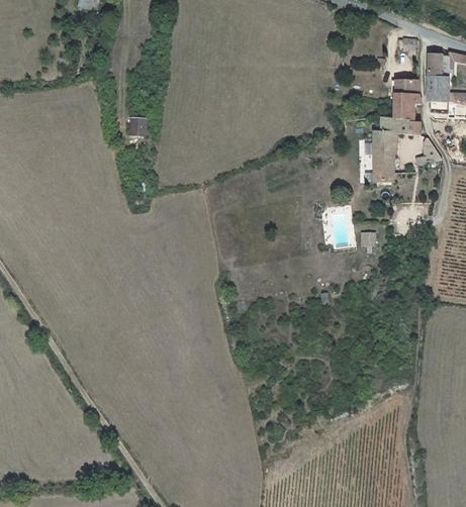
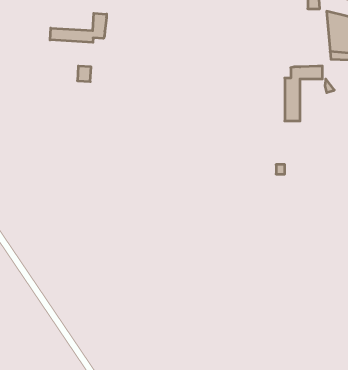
building: none -> [50,13,107,42]
building: [392,77,420,118] -> none

